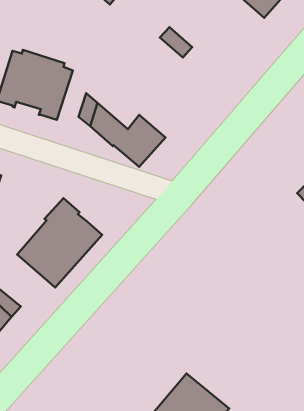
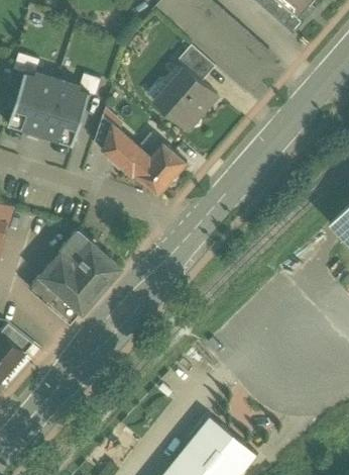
building: none -> [155,68,218,130]

